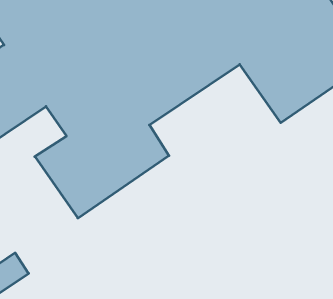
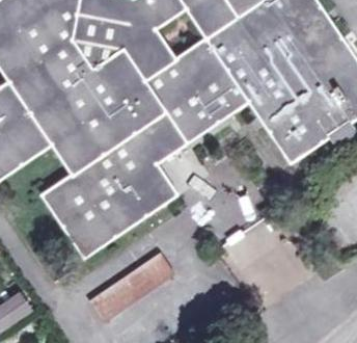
building: none -> [88,249,174,320]

